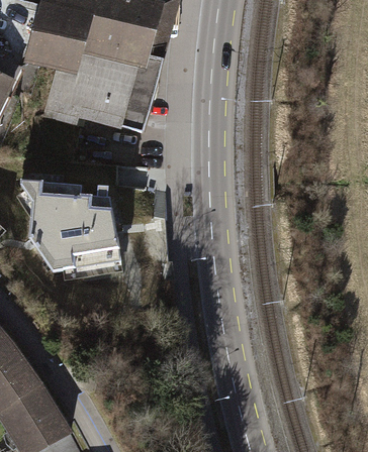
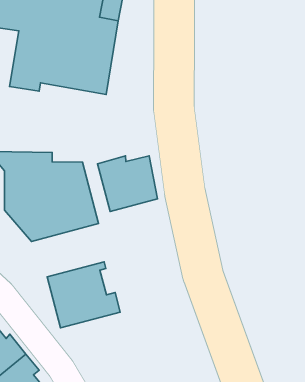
building: none -> [97,156,157,211]
building: none -> [47,262,120,328]

